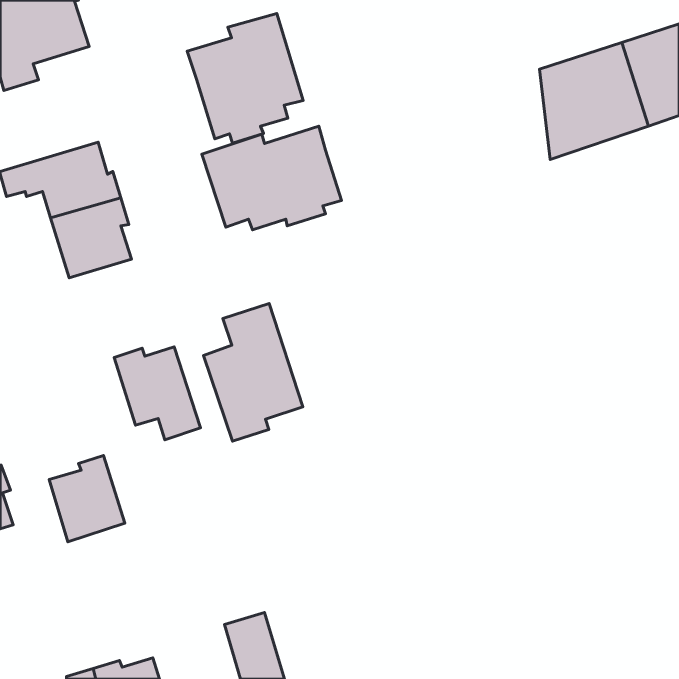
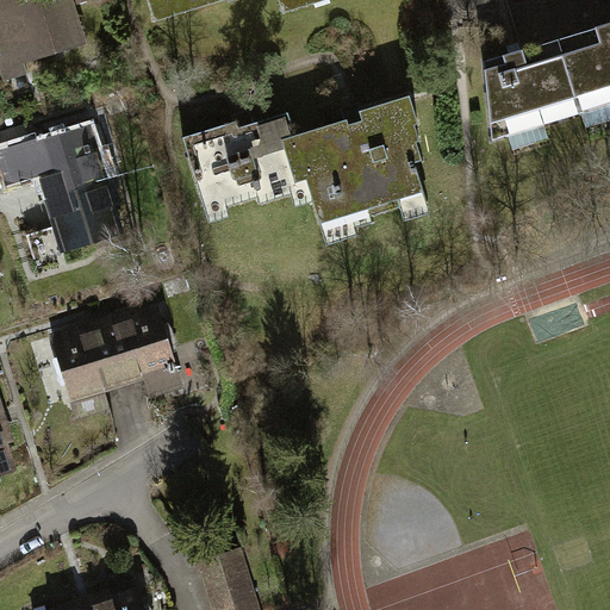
building: [187,13,303,143] -> none
building: none -> [292,98,425,223]
building: [203,304,303,441] -> none
building: [49,456,125,542] -> [54,320,122,398]

